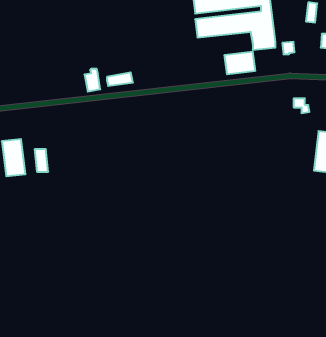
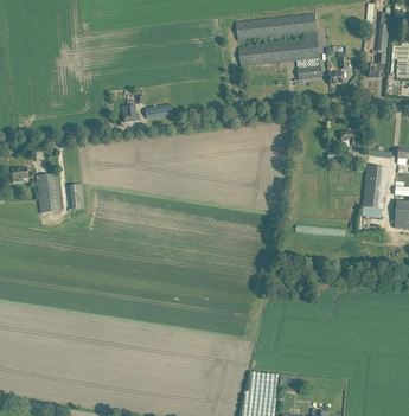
building: [225,51,255,74] -> none

